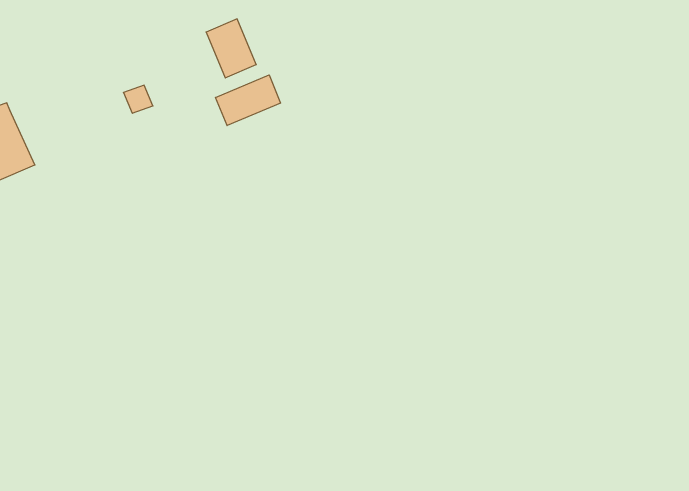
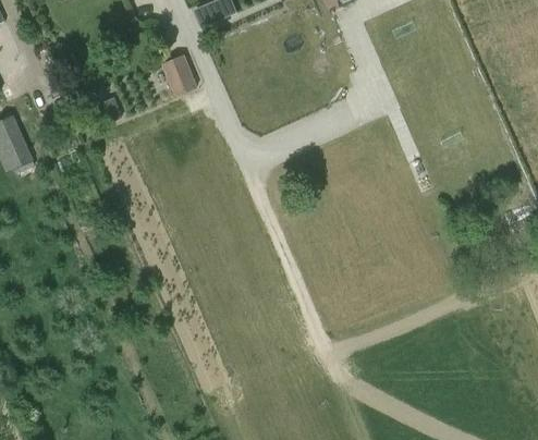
building: [216,75,281,126] -> none

